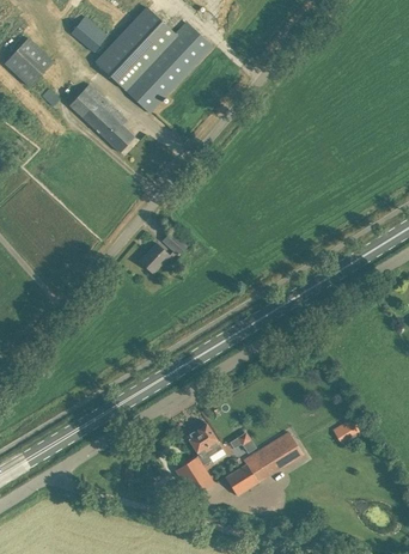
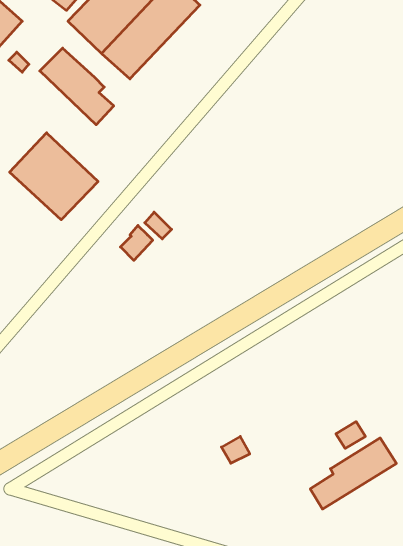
building: none -> [10,133,98,220]
building: [175,421,221,498] -> none
building: [225,432,301,495] -> [310,438,396,509]

